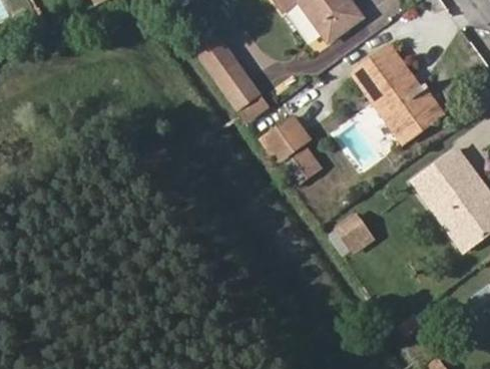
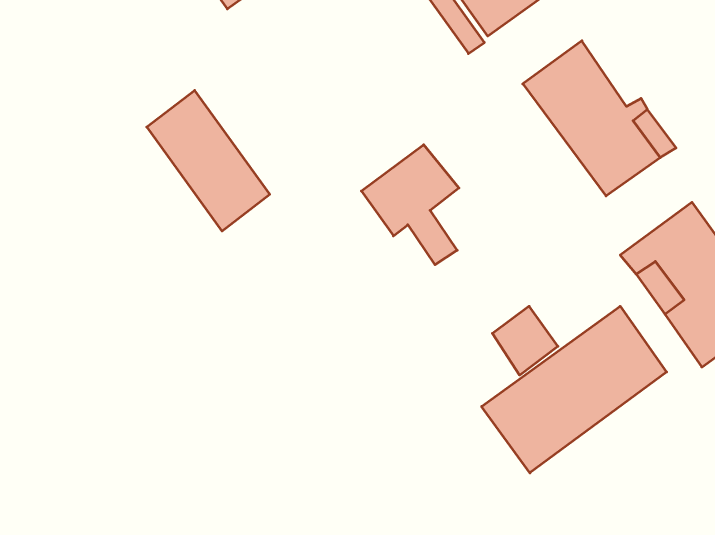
building: [191,35,269,123] -> [147,90,270,231]
building: none -> [482,306,667,473]

